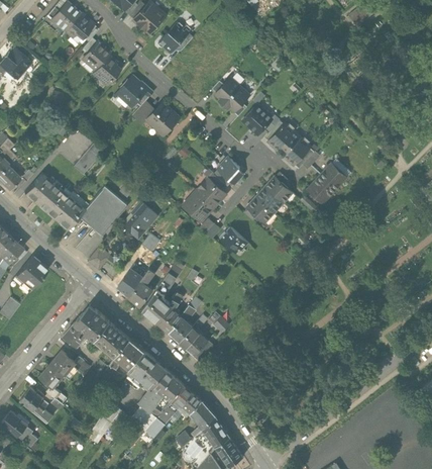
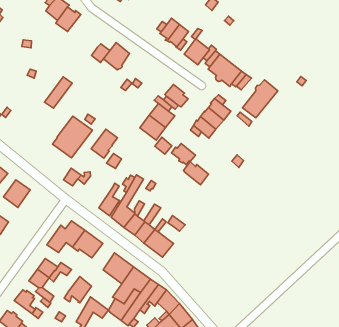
building: [113,76,152,107] -> none
building: [24,173,85,230] -> none
building: none -> [183,162,209,185]
building: [117,265,146,297] -> none
building: [110,340,143,371] -> [64,277,91,303]

